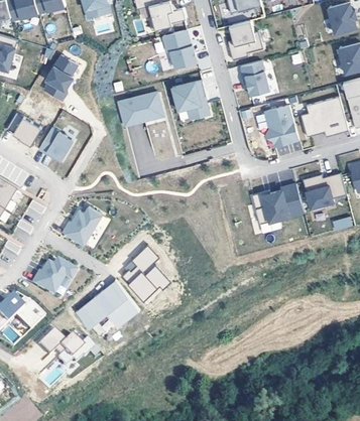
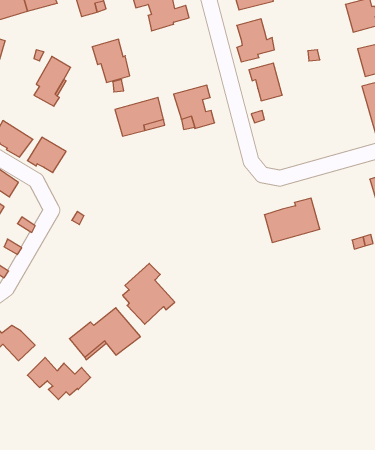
building: [161,29,196,68] -> [92,39,130,82]
building: [301,96,348,136] -> none
building: [264,104,298,146] -> none
building: [303,172,346,212] -> none
building: [63,207,101,244] -> none
building: [31,260,75,296] -> none

